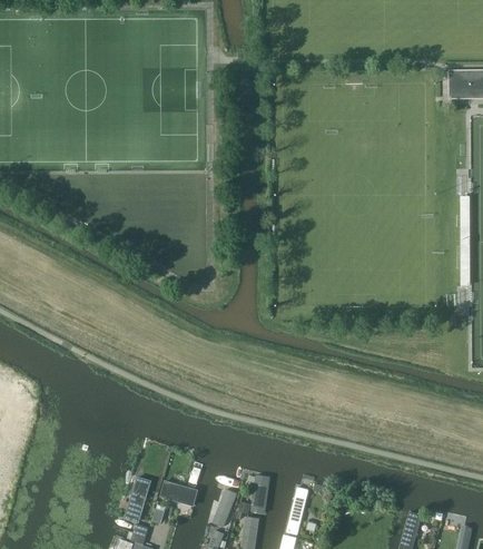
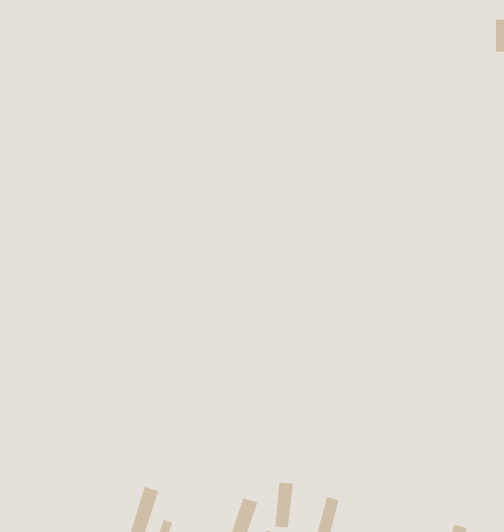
building: [160,482,197,508] -> none

